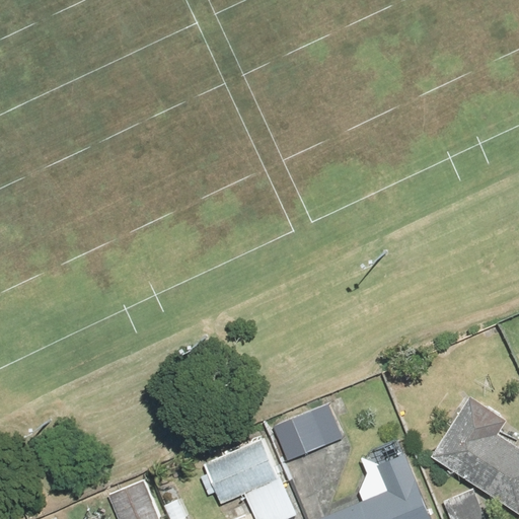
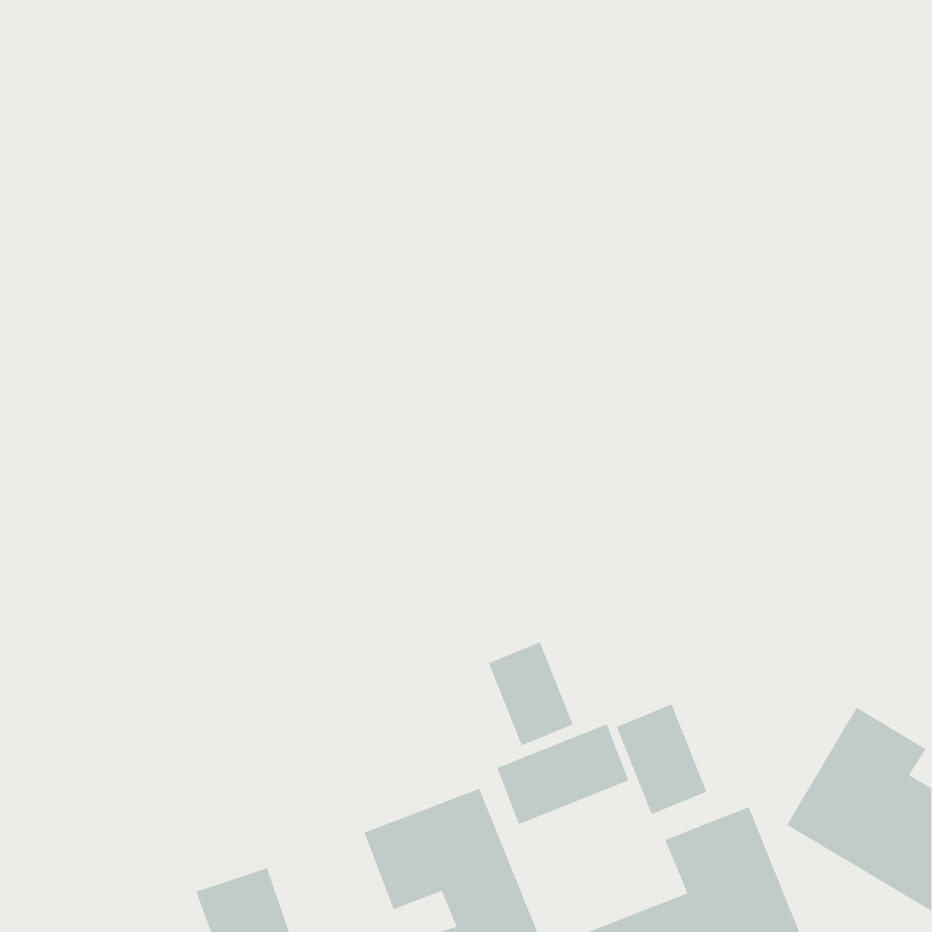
building: none -> [488,642,574,746]
building: none -> [616,704,707,815]

